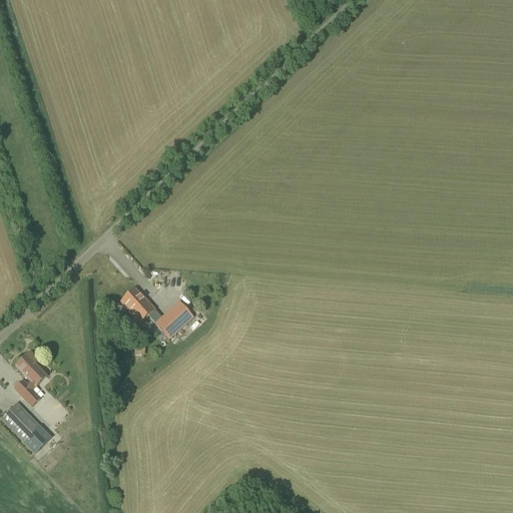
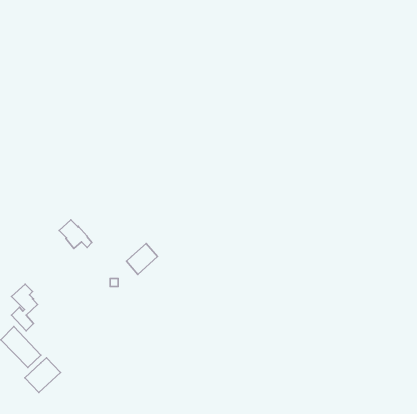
building: [121,287,161,322] -> [59,220,92,248]
building: none -> [25,358,61,392]

